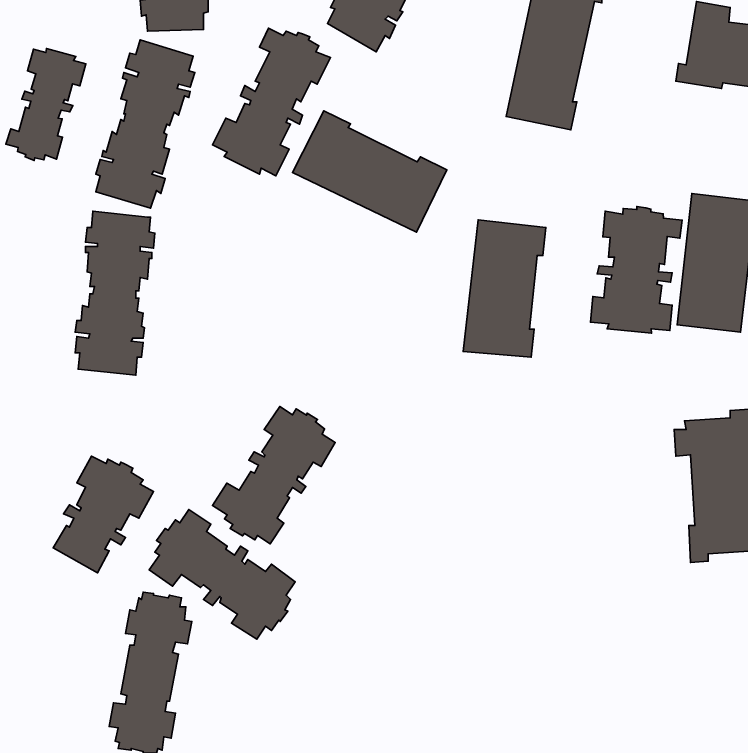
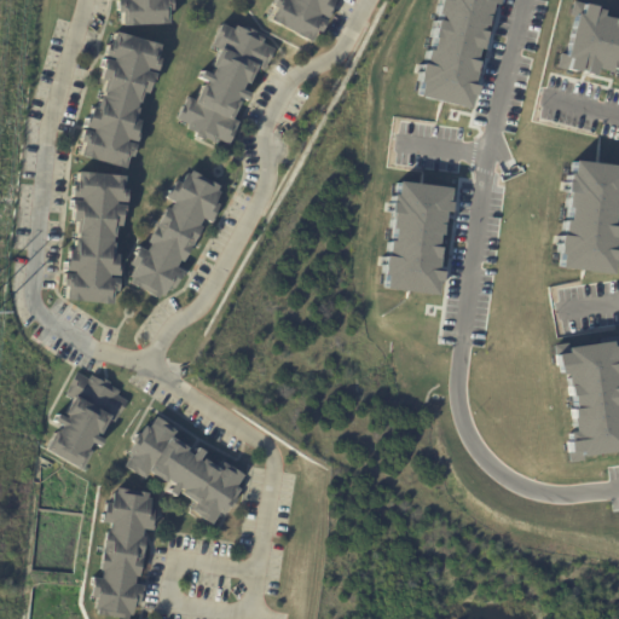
building: [6,48,86,160] -> none
building: [292,111,447,232] -> none
building: [590,207,682,333] -> none
building: none -> [132,170,224,300]
building: [213,406,335,544] -> none

